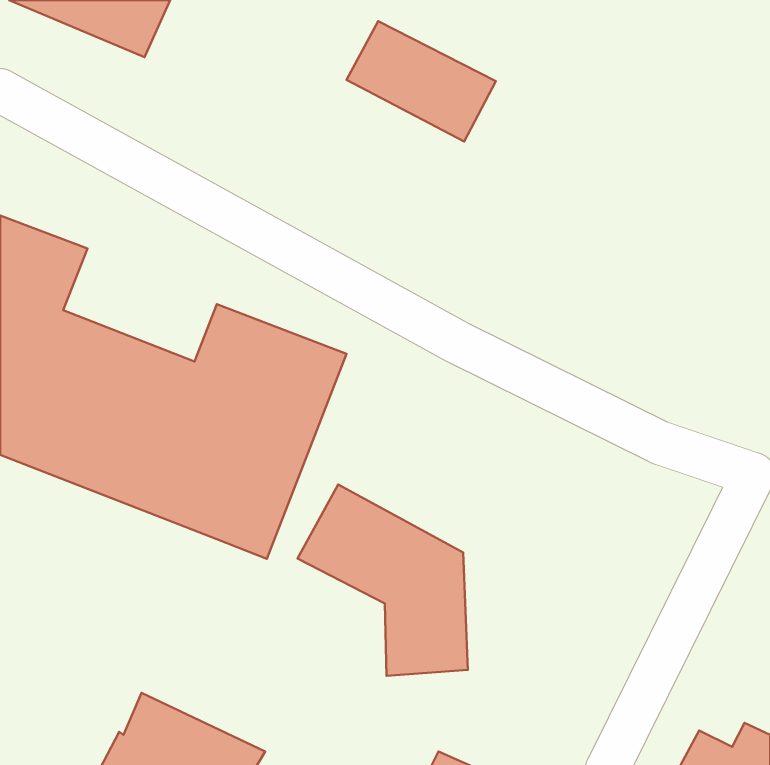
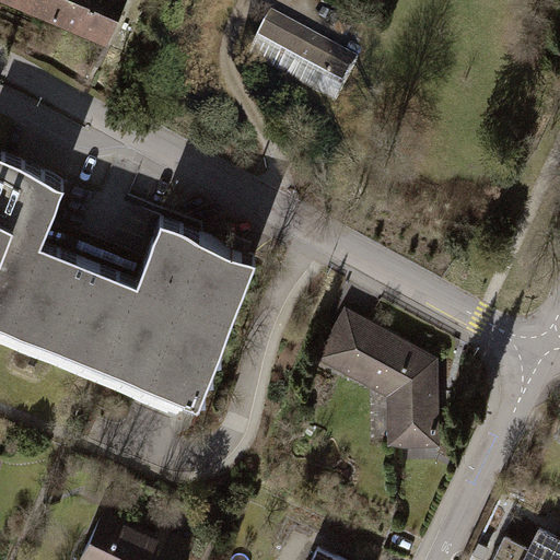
building: [298,485,468,676] -> [319,311,443,450]

